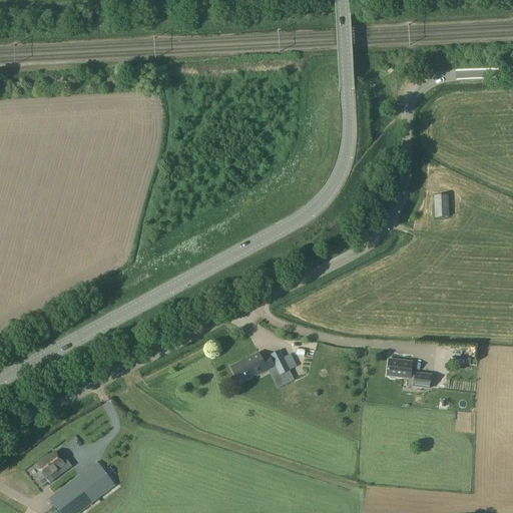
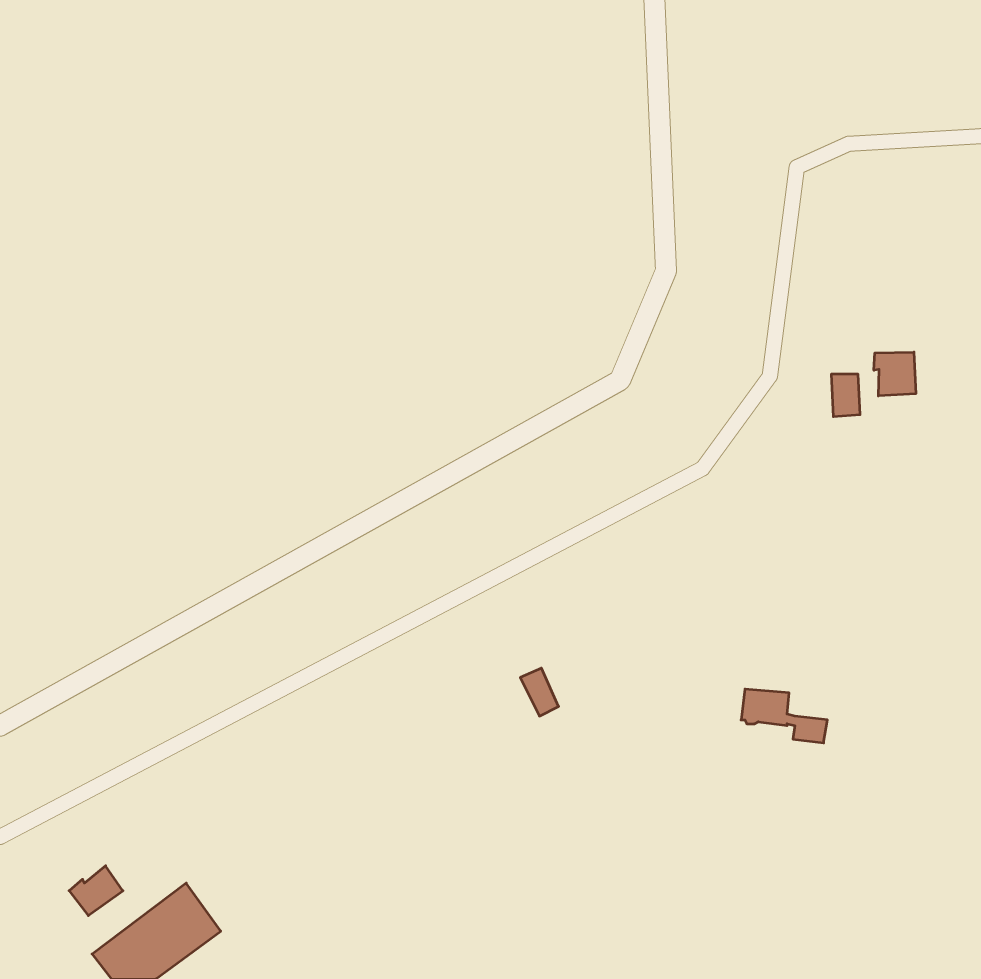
building: none -> [874,352,916,396]
building: [231,353,275,382] -> none

